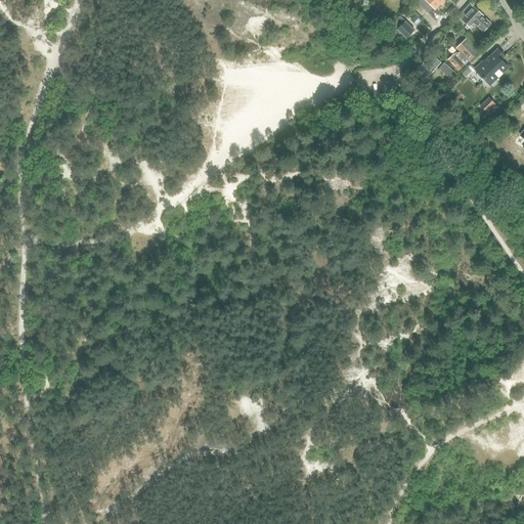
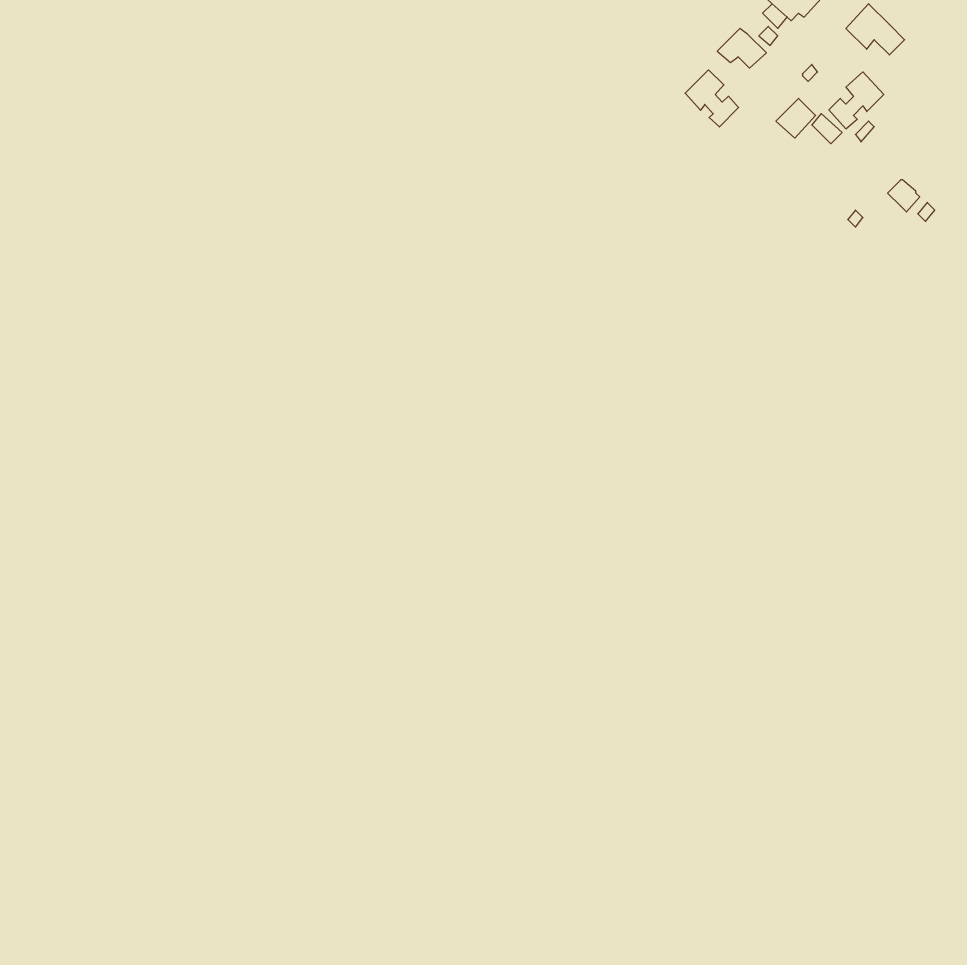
building: none -> [685,70,739,127]
building: [475,49,509,85] -> none

